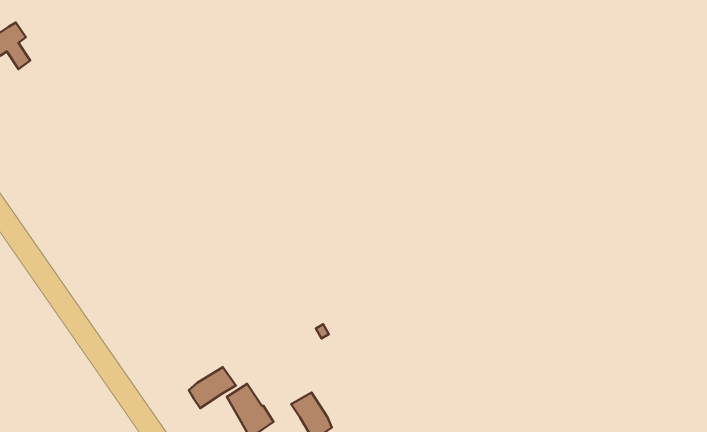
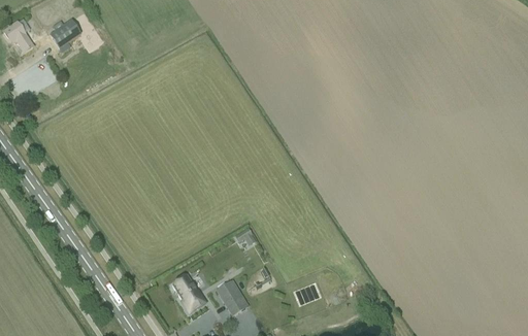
building: none -> [51,20,80,52]
building: [189,367,236,408] -> none

